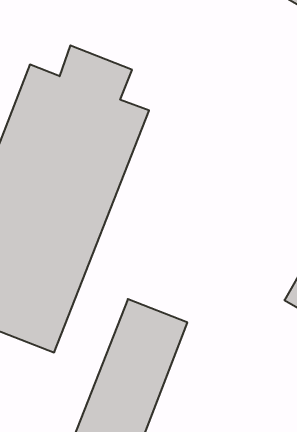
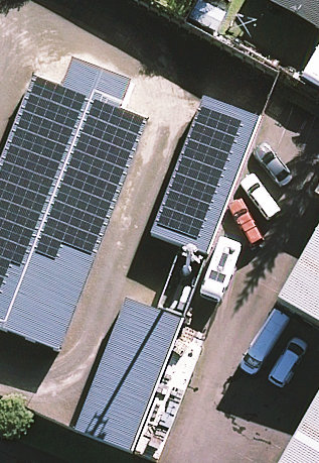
building: none -> [150,94,258,251]

